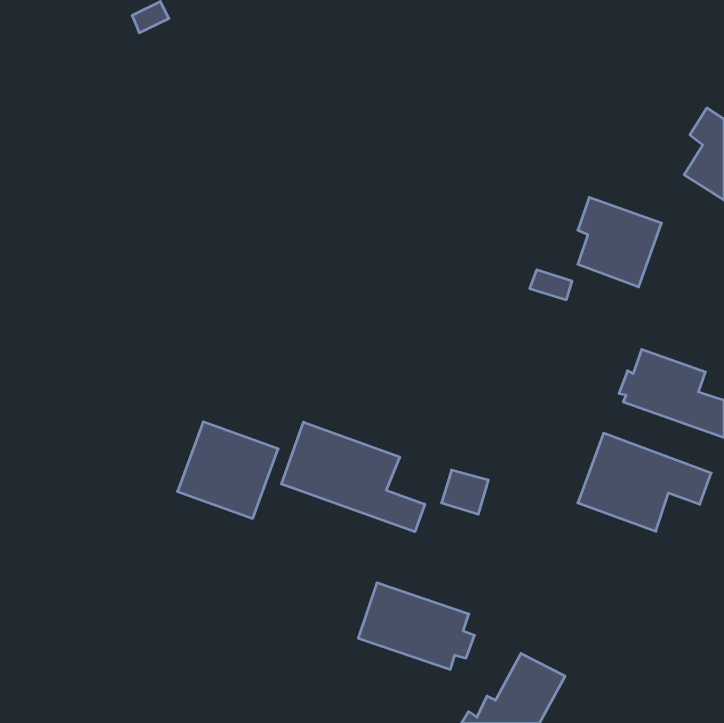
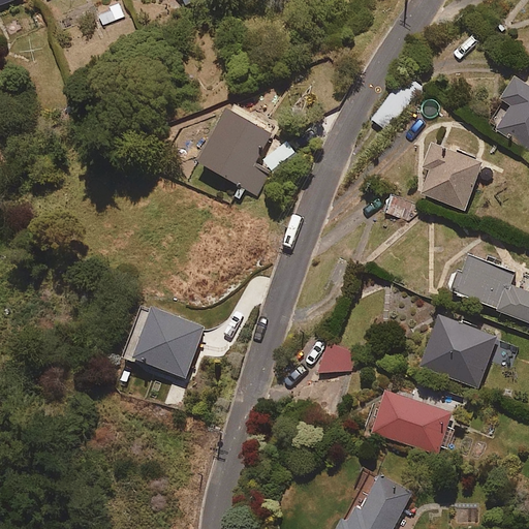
building: none -> [195,107,270,193]
building: [281,422,425,532] -> none
building: [358,583,475,669] -> [370,391,455,454]

